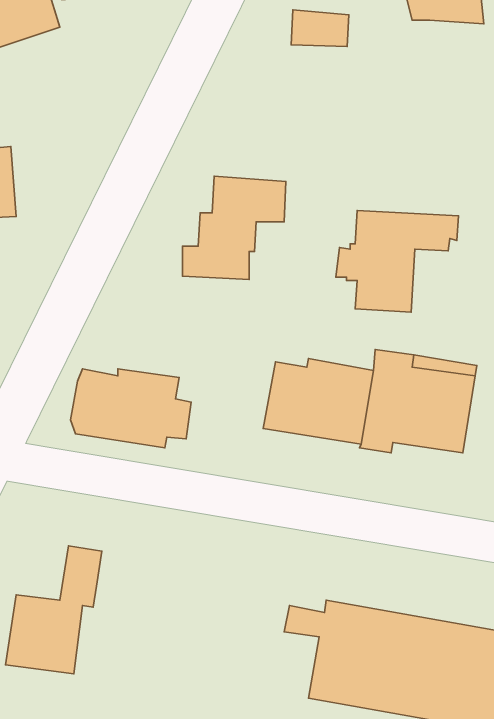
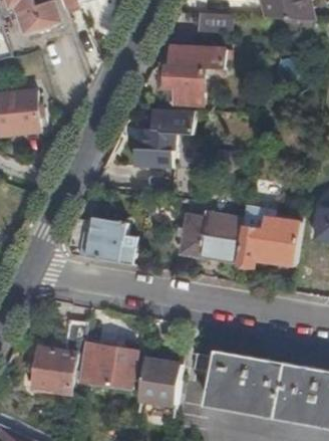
building: [336,211,459,312] -> [159,46,230,104]
building: none -> [80,343,136,388]
building: none -> [137,359,182,414]

